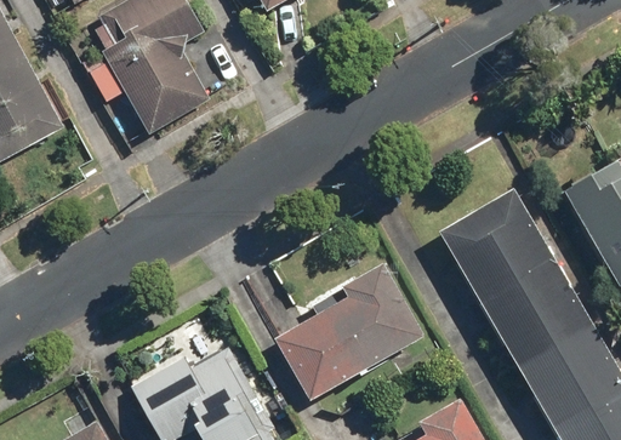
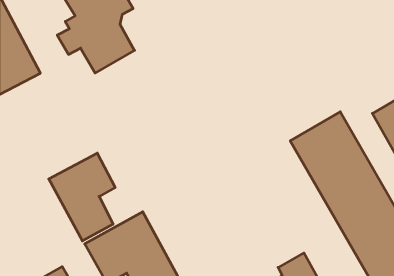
building: none -> [49,153,115,241]
building: [275,263,423,400] -> none

